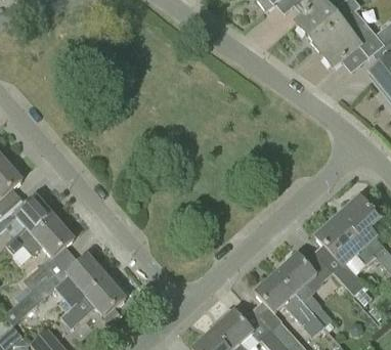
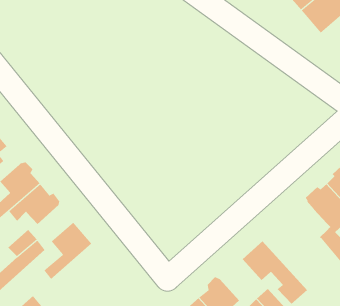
building: [274,253,332,325] -> none
building: [59,275,126,326] -> none

